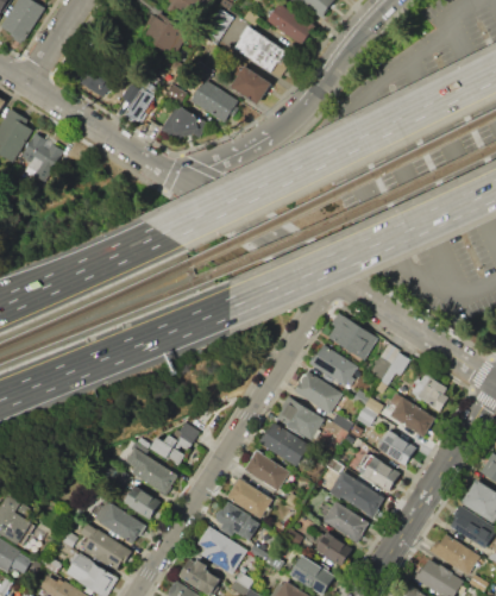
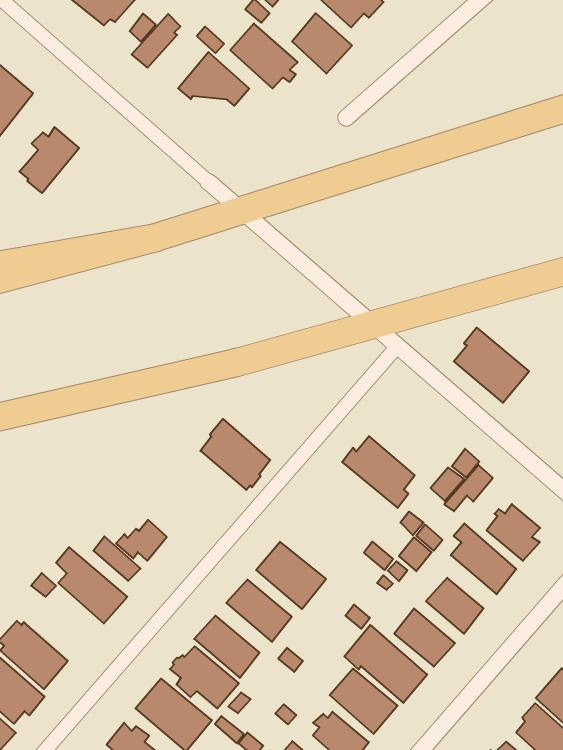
building: none -> [19,127,79,193]
building: [326,313,377,360] -> [454,328,529,403]
building: [294,371,341,415] -> none
building: [276,396,324,441] -> [200,419,270,490]
building: [123,485,159,520] -> none

